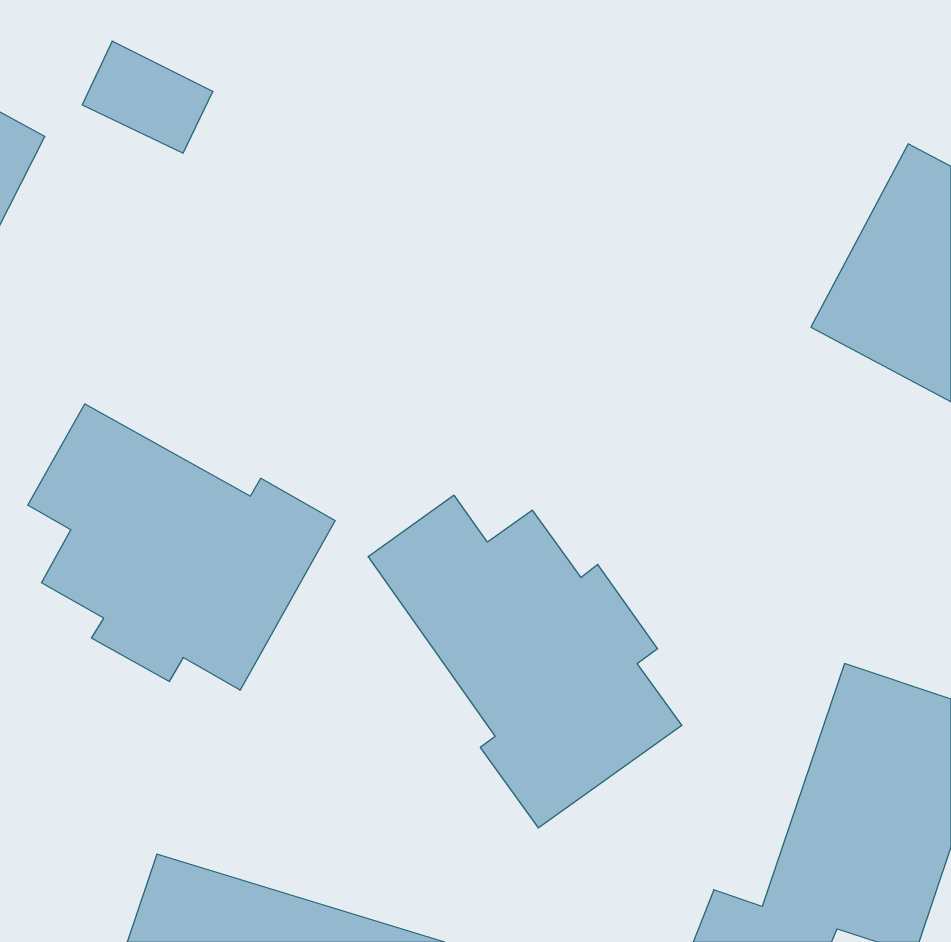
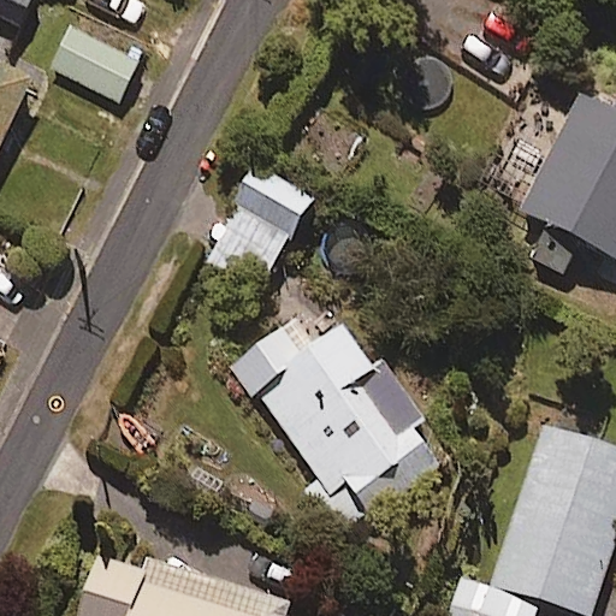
building: none -> [206,170,312,292]
building: [28,404,335,690] -> none

